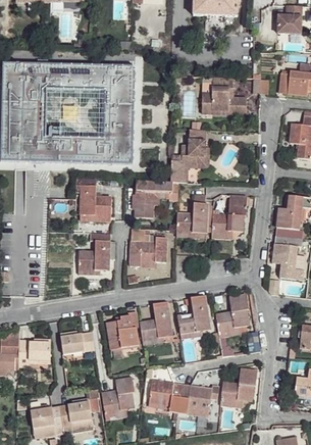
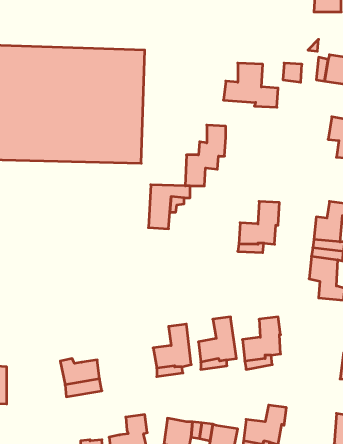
building: [184,140,207,183] -> none
building: [82,185,113,215] -> none
building: [176,202,207,232] -> none
building: [132,228,167,266] -> none
building: [80,232,110,271] -> none
building: [105,310,138,348] -> none
building: [18,337,49,361] -> none

